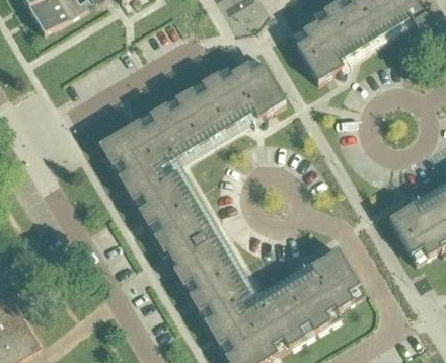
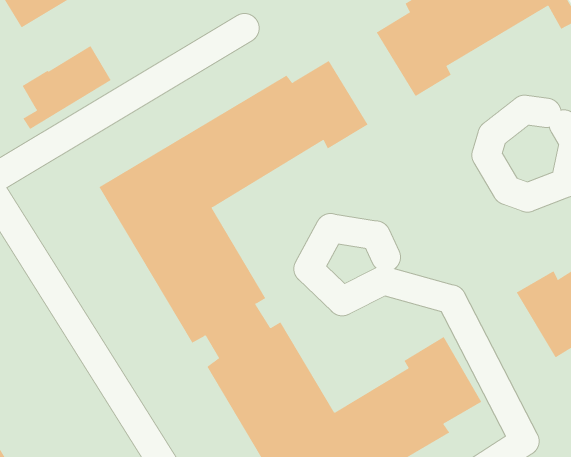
building: none -> [22,45,112,130]

